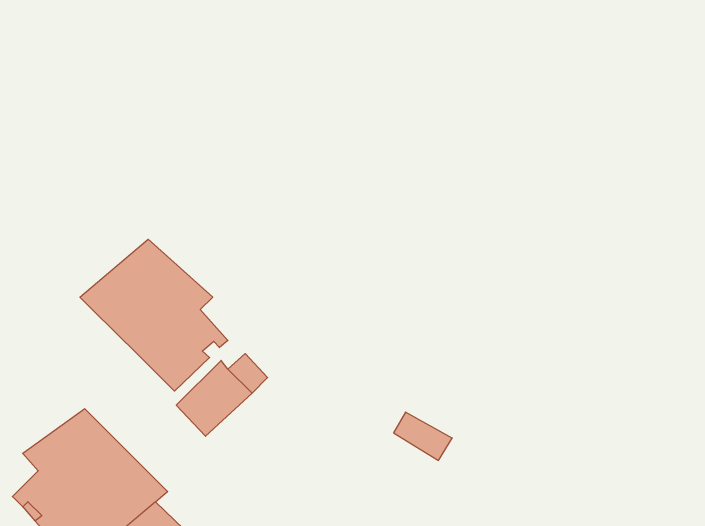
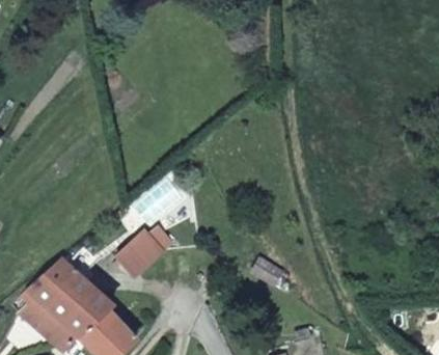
building: [80,239,228,391] -> none

